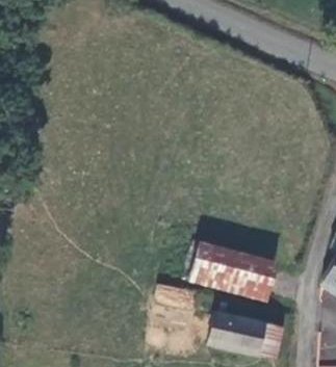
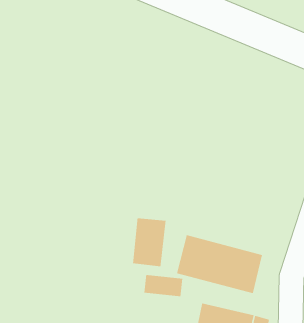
building: none -> [132,217,166,267]

